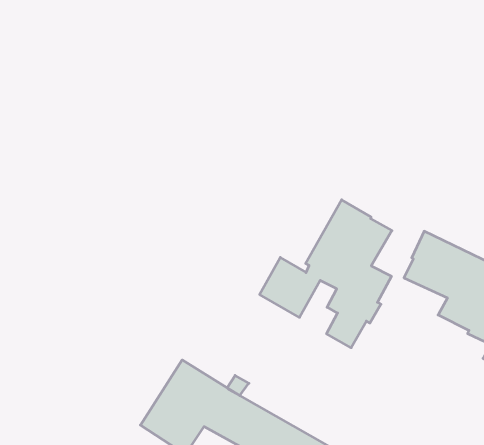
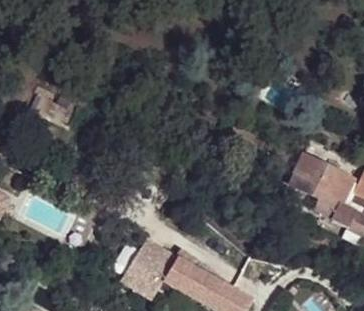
building: [260,200,392,348] -> none

